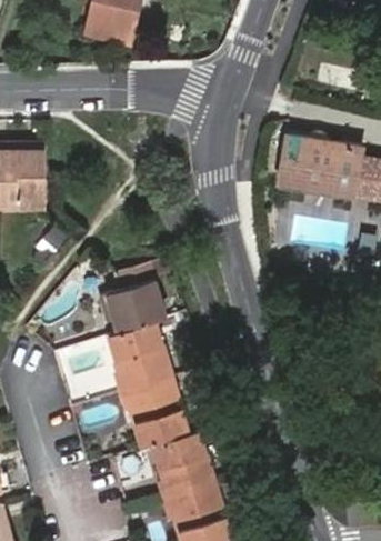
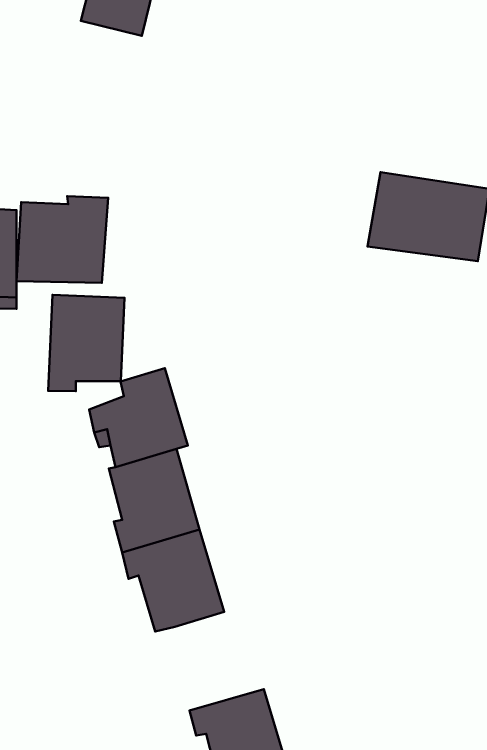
building: none -> [17,196,108,283]
building: none -> [48,295,125,391]
building: [152,425,212,494] -> none

